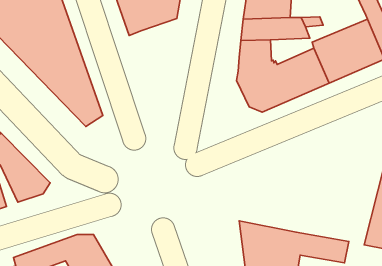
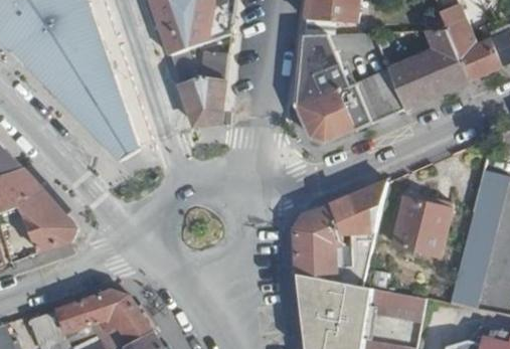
building: none -> [169,47,224,124]
building: none -> [294,182,388,286]
building: none -> [395,200,448,257]

